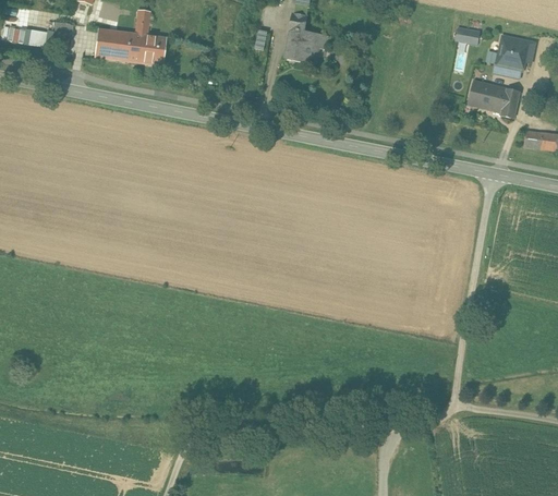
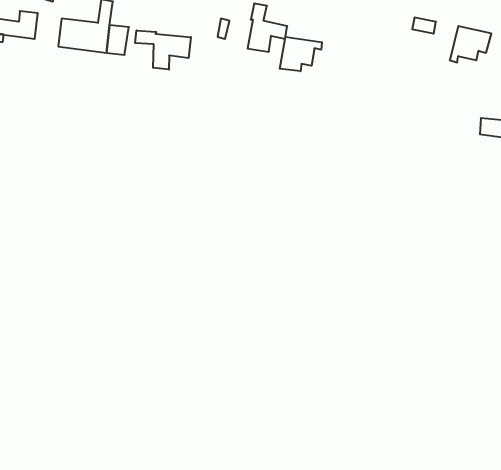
building: none -> [135,30,191,70]
building: none -> [280,37,322,71]
building: [468,78,519,117] -> none

